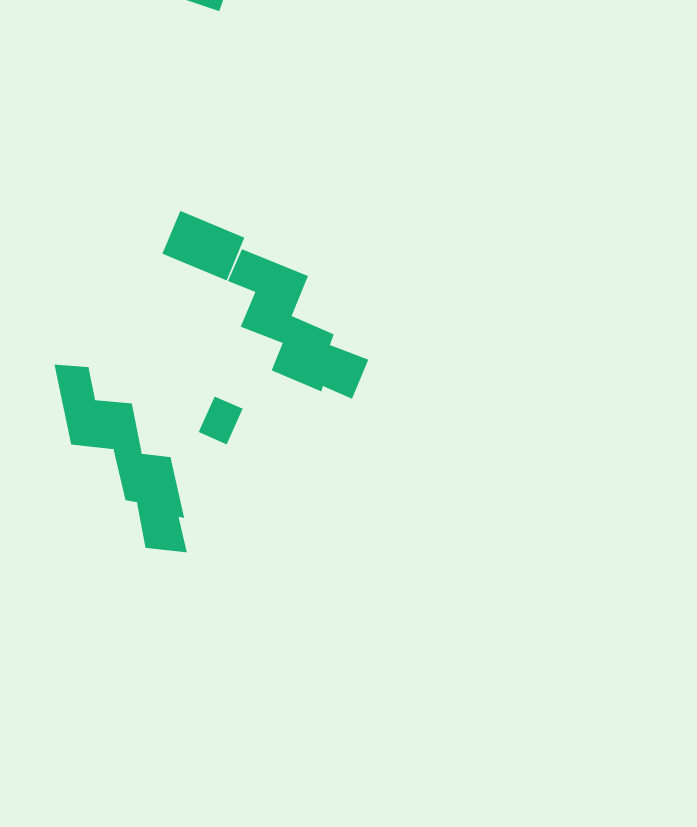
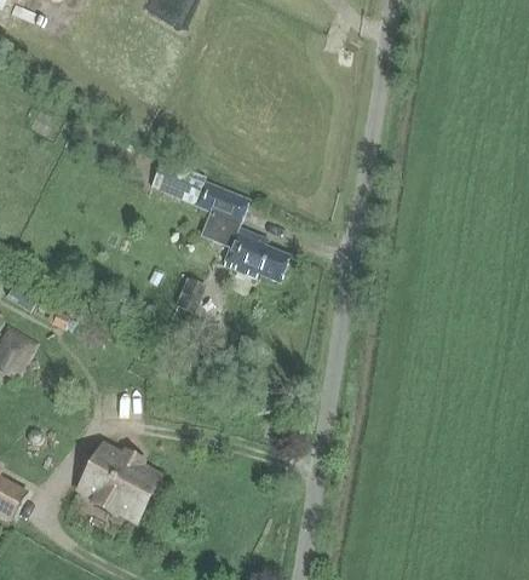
building: [54,364,188,553] -> none
building: none -> [84,447,156,515]

